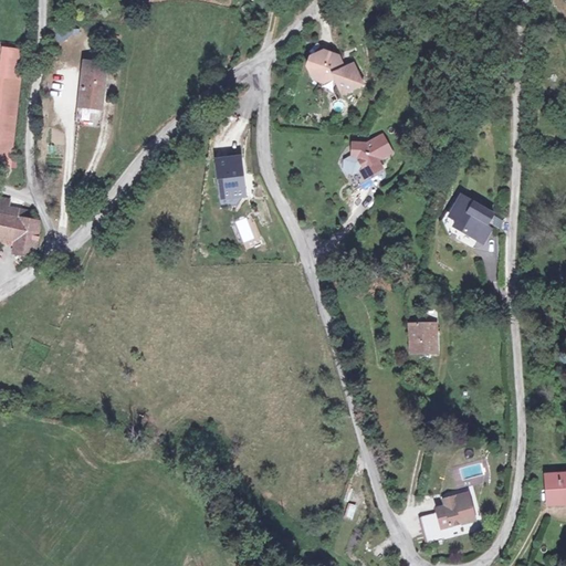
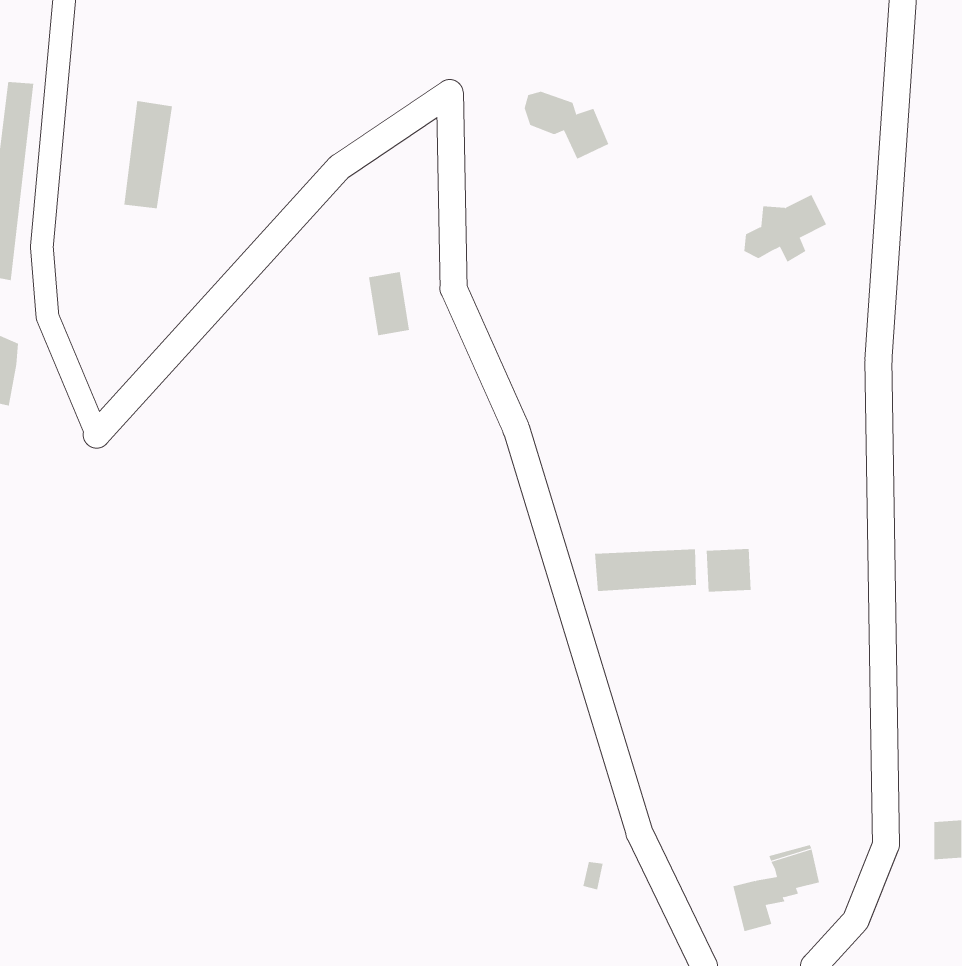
building: [342,137,390,177] -> [743,194,827,263]
building: [454,193,496,237] -> none
building: [6,212,43,253] -> none
building: none -> [595,549,697,592]

